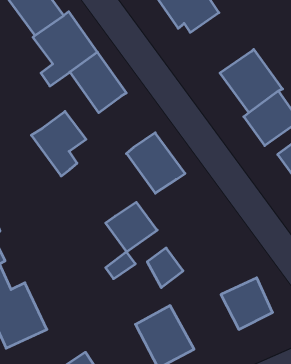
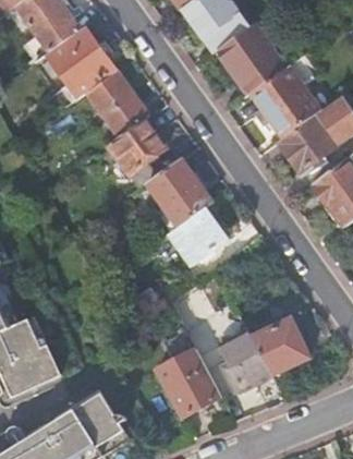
building: none -> [215,24,284,95]
building: [31,111,86,176] -> [105,118,165,189]
building: [106,202,157,252] -> [168,209,224,264]
building: none -> [218,330,270,389]

